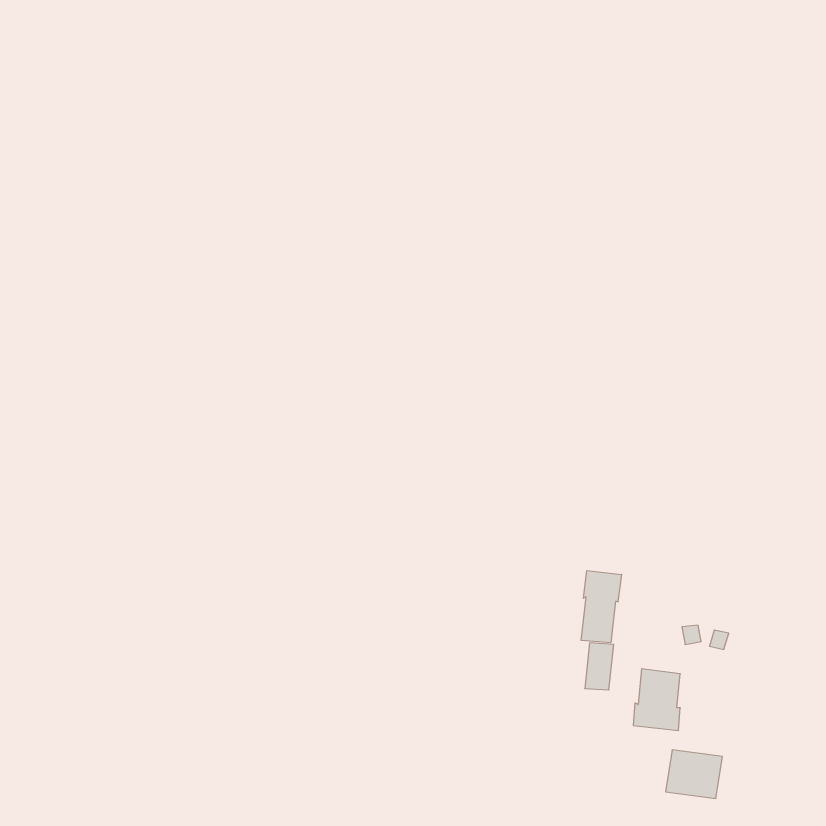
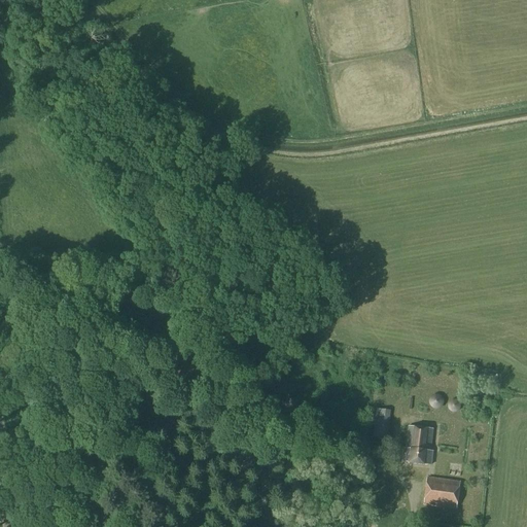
building: [581,571,622,643] -> none

